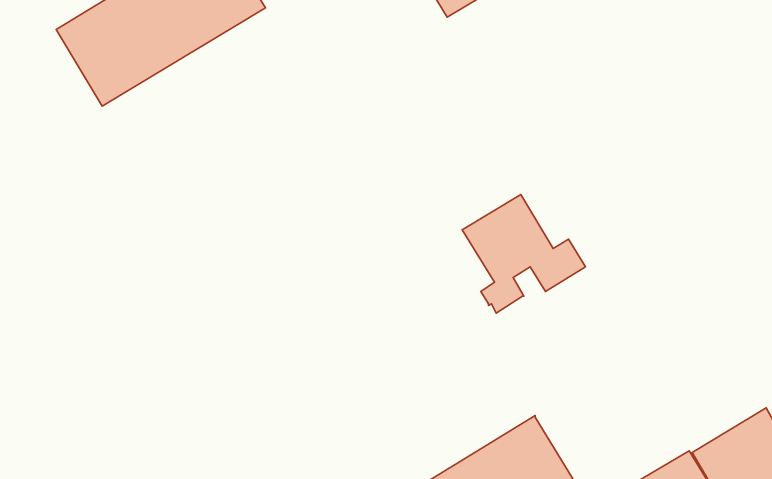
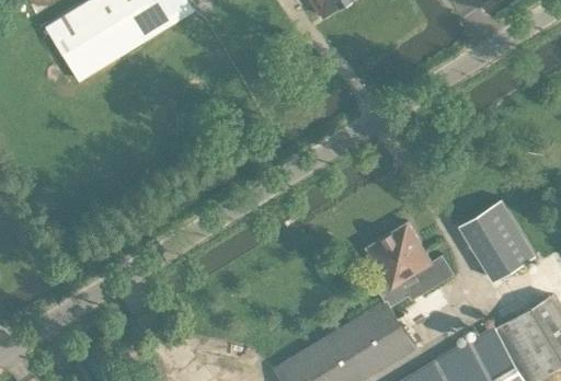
building: [462,195,586,313] -> [366,224,454,309]
building: none -> [459,200,535,281]

